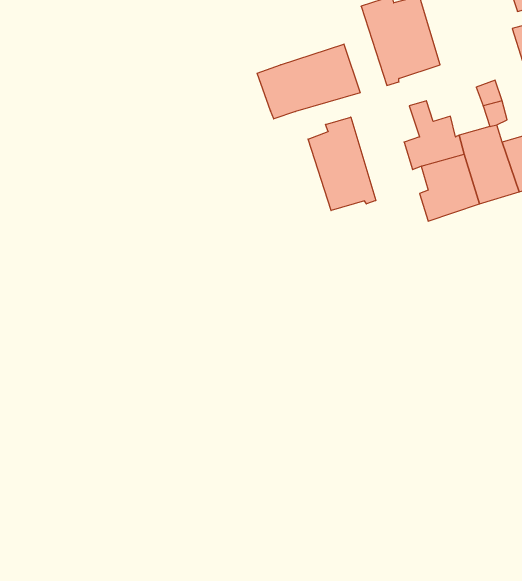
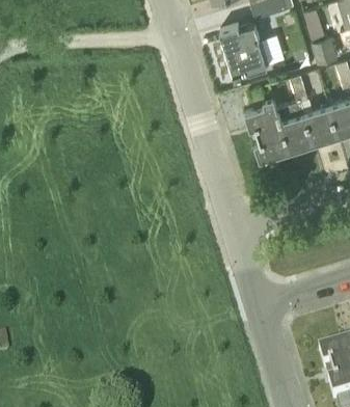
building: [257,44,360,119] -> none
building: [308,117,376,211] -> none

